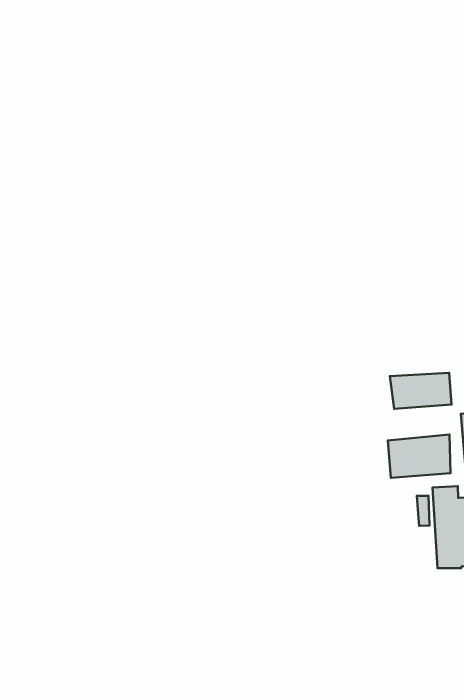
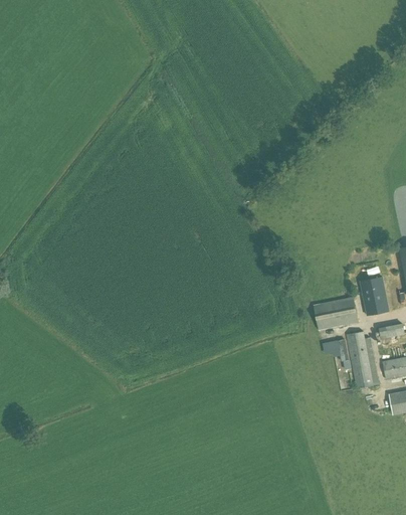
building: [390,373,451,409] -> none

